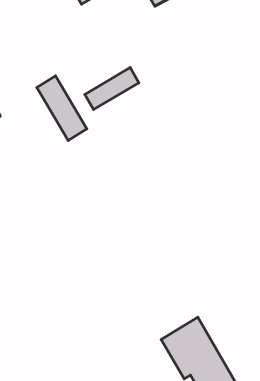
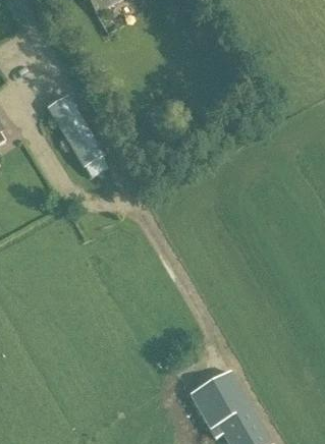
building: [85,67,139,110] -> none

